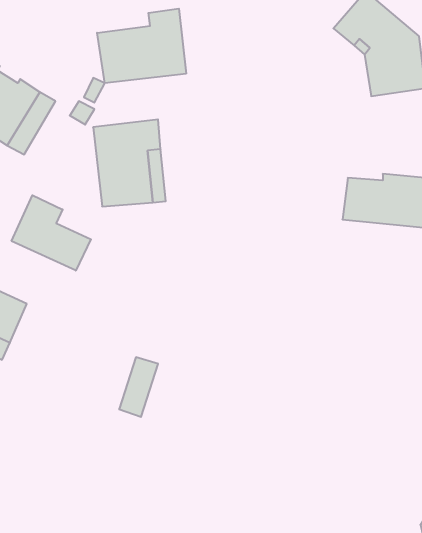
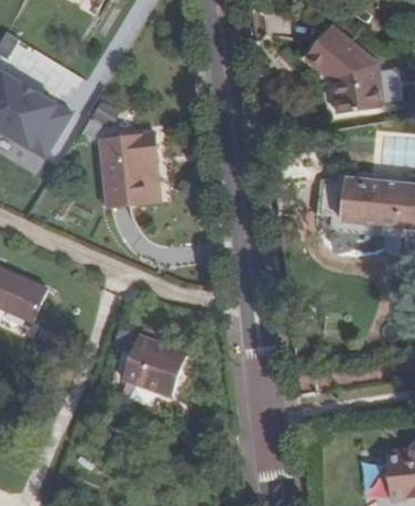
building: [97,9,186,83] -> none
building: [12,195,91,271] -> none
building: none -> [141,339,186,393]

